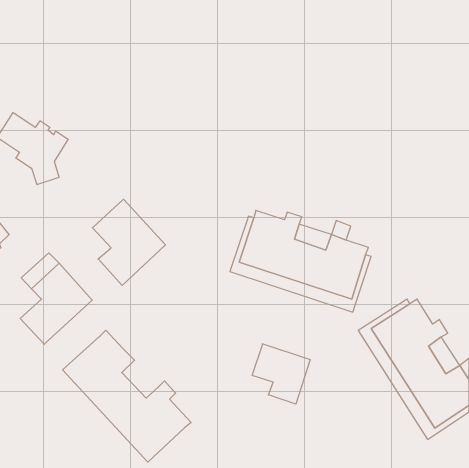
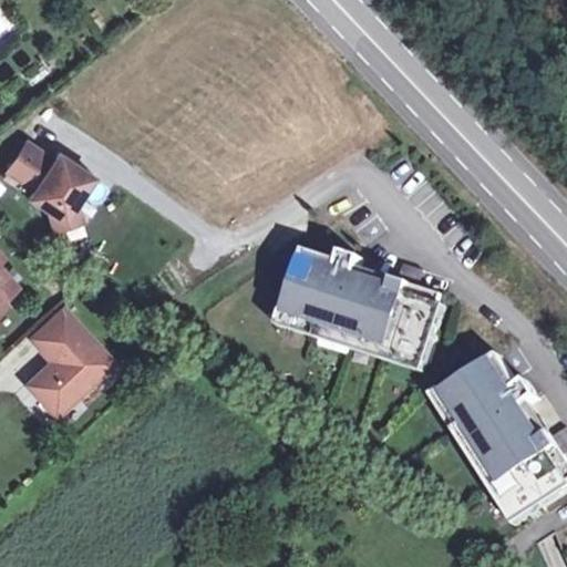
building: [92,199,165,285] -> none
building: [63,330,191,462] -> none
building: [252,344,310,404] -> none

